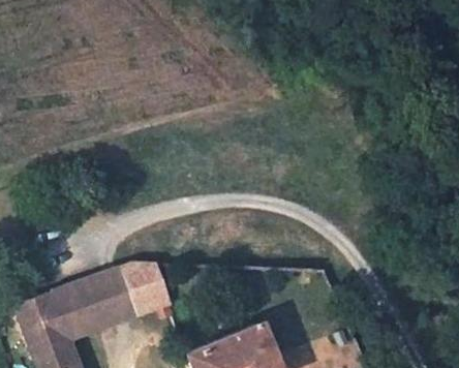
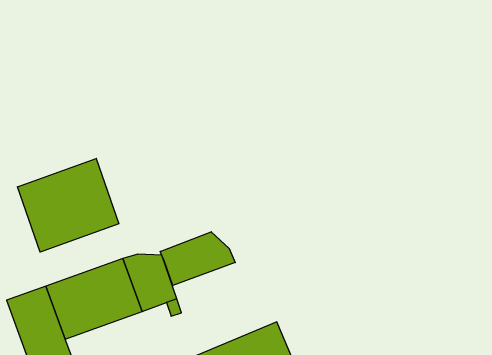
building: none -> [17,158,119,252]
building: none -> [160,232,235,285]

